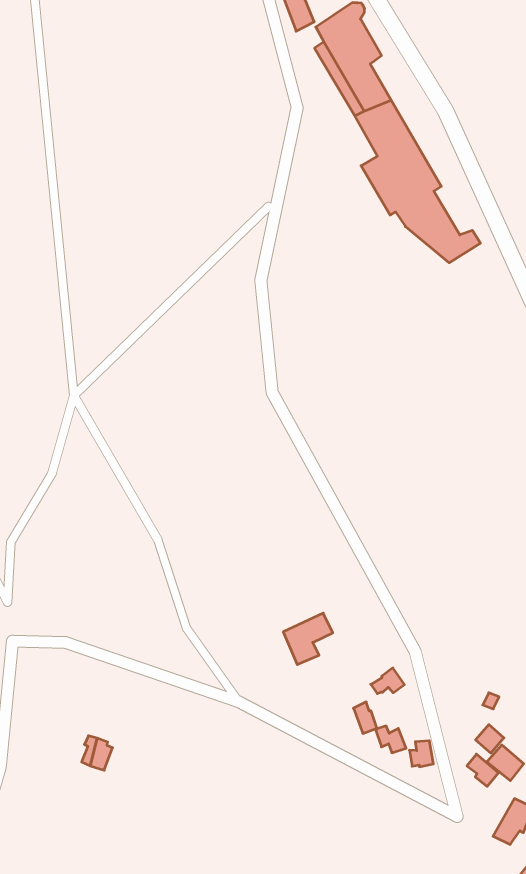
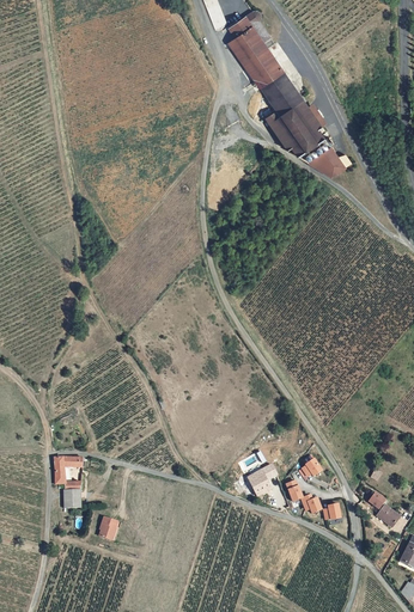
building: [283,613,333,665] -> [244,463,278,498]
building: none -> [54,458,85,503]

